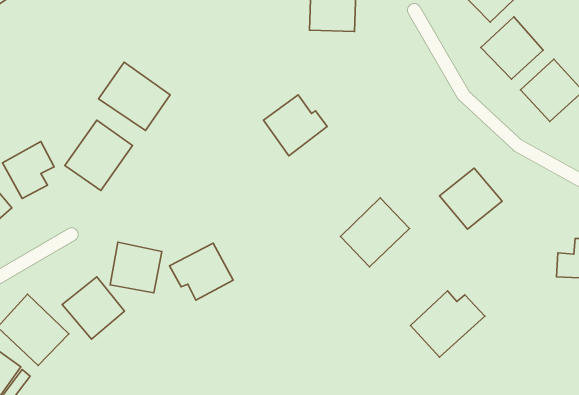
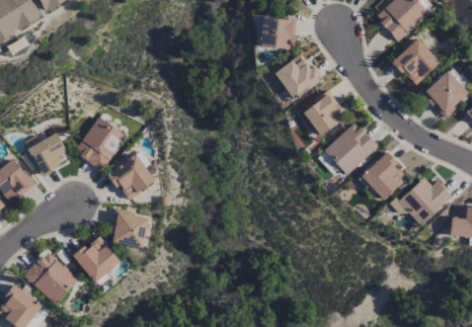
building: [98,62,170,131] -> none
building: none -> [302,92,346,137]
building: [264,95,327,156] -> [274,54,323,100]
building: [340,198,409,267] -> [324,121,377,174]
building: [169,243,233,300] -> [106,155,155,198]
building: [410,291,485,357] -> [396,177,453,228]

